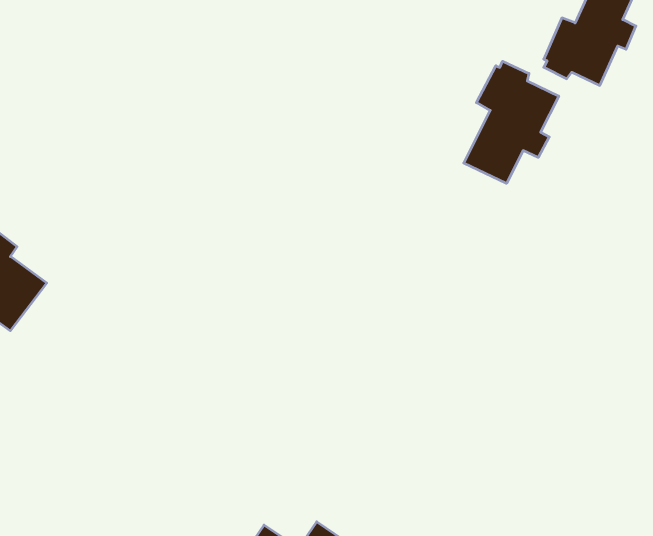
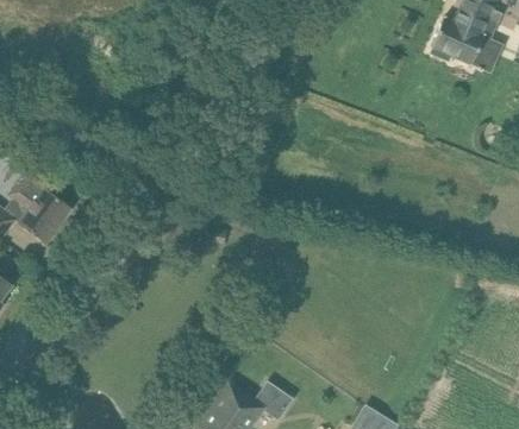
building: [464,61,559,183] -> none

